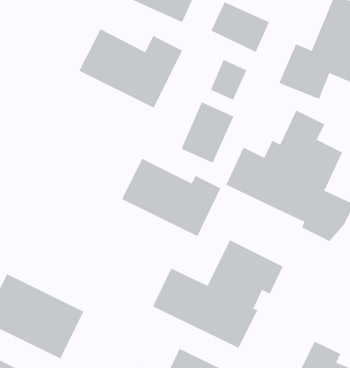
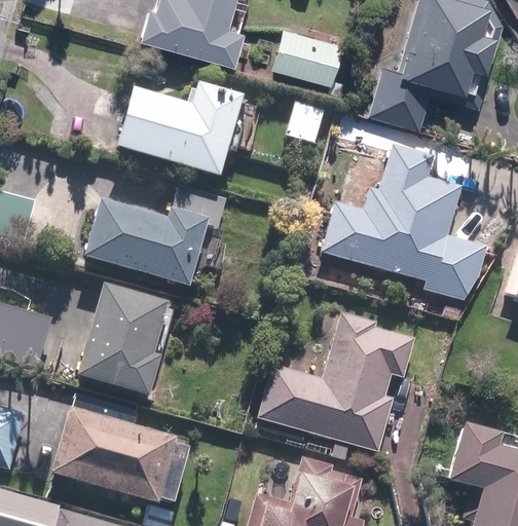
building: [181,101,234,164] -> none
building: [121,158,221,237] -> [87,200,208,285]
building: none -> [80,284,168,392]

